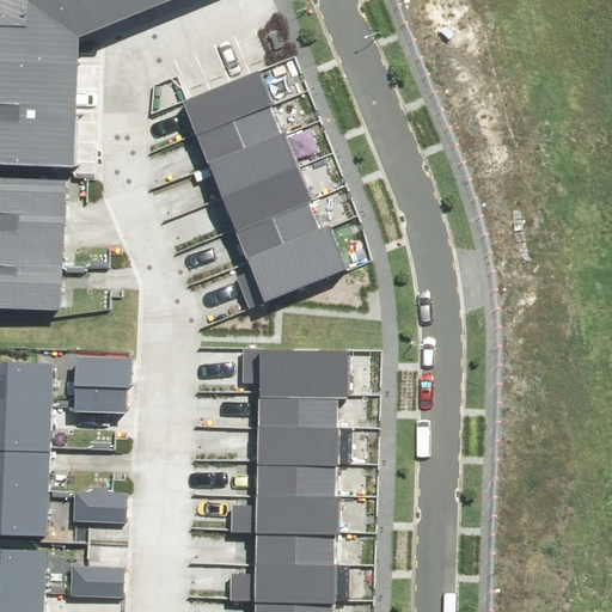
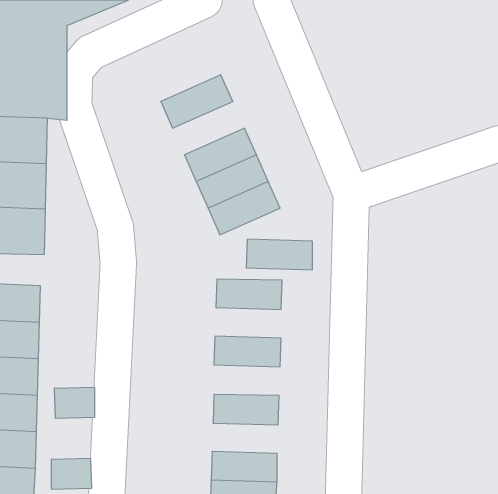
building: [180,69,268,135] -> none
building: [209,135,296,200] -> none
building: [74,353,123,410] -> none
building: [261,385,341,422] -> [246,239,312,270]
building: [259,454,339,491] -> none
building: [257,525,337,562] -> none

